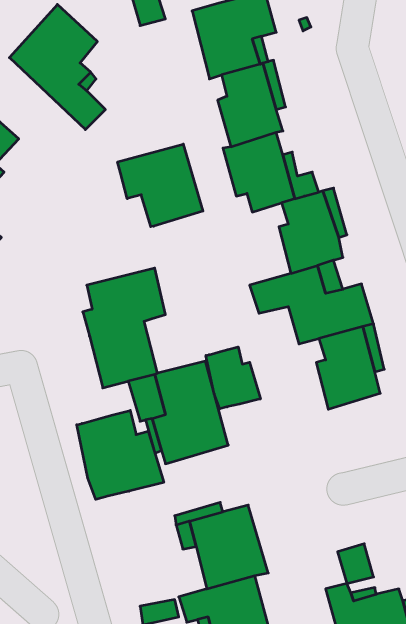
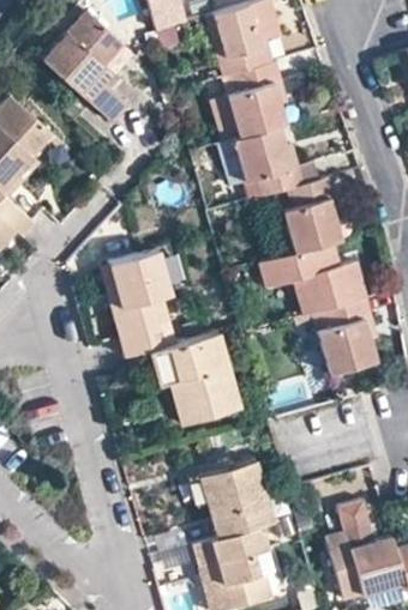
building: [118,144,203,227] -> none
building: [206,347,260,409] -> none
building: [77,410,164,499] -> none

